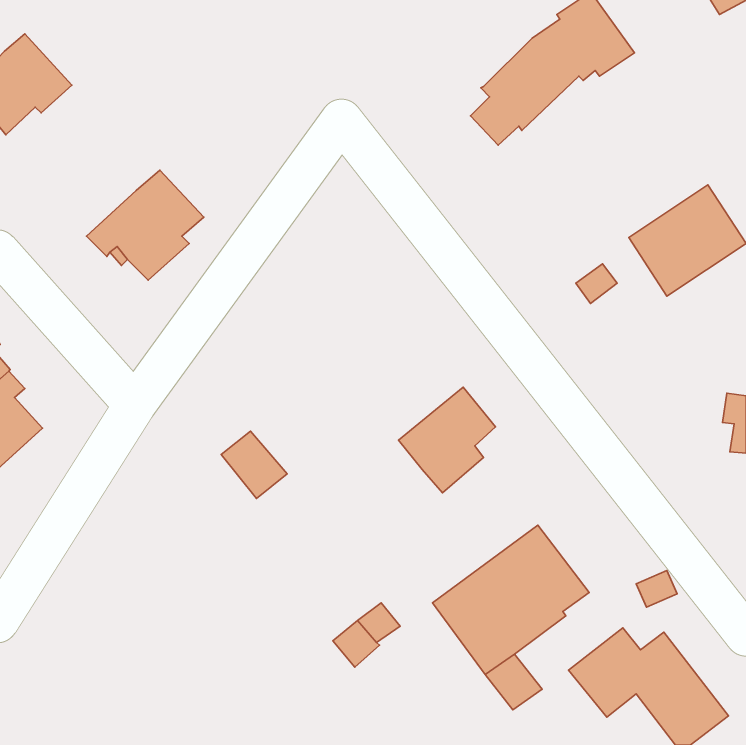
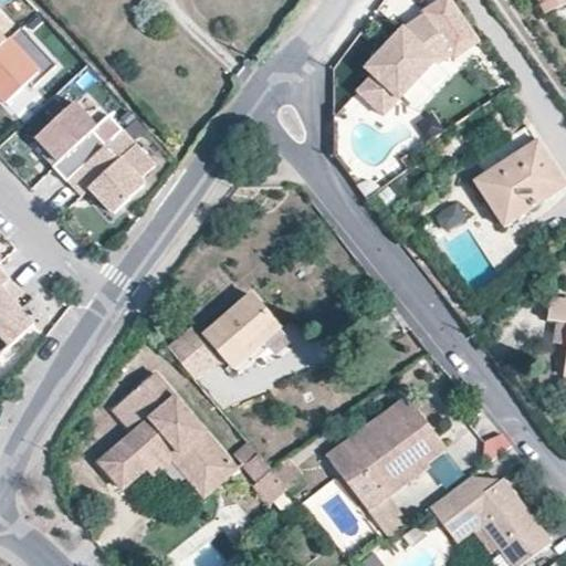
building: none -> [33,101,103,179]
building: [399,387,495,493] -> [202,293,275,373]
building: none -> [98,370,235,497]

